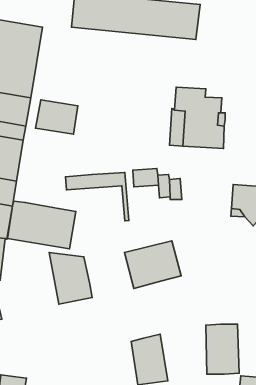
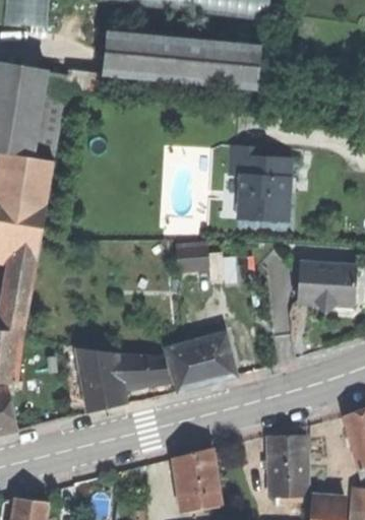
building: [35,100,78,134] -> none
building: [65,172,129,221] -> none
building: [7,201,76,249] -> none
building: none -> [117,353,169,387]

